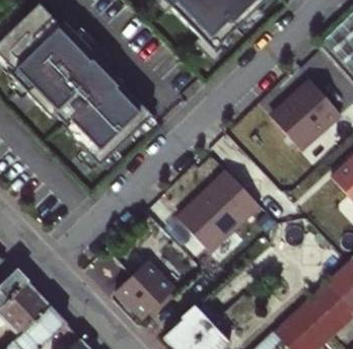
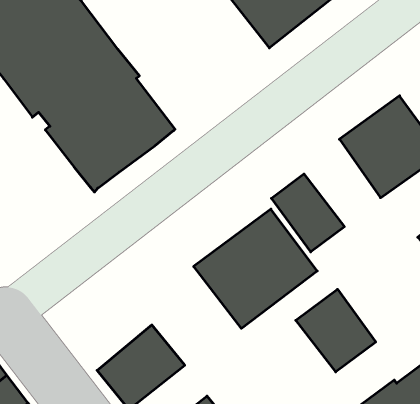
building: none -> [271,174,344,252]
building: none -> [296,289,376,372]

